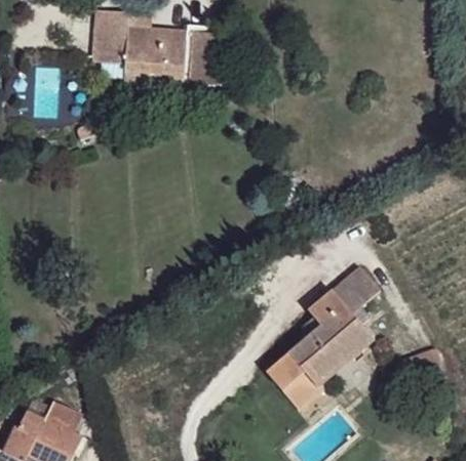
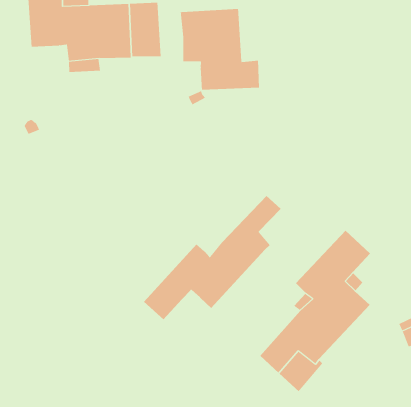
building: none -> [180,8,260,90]
building: none -> [143,195,282,320]

